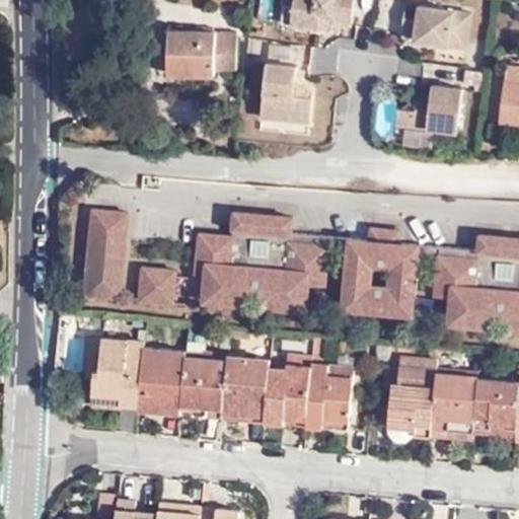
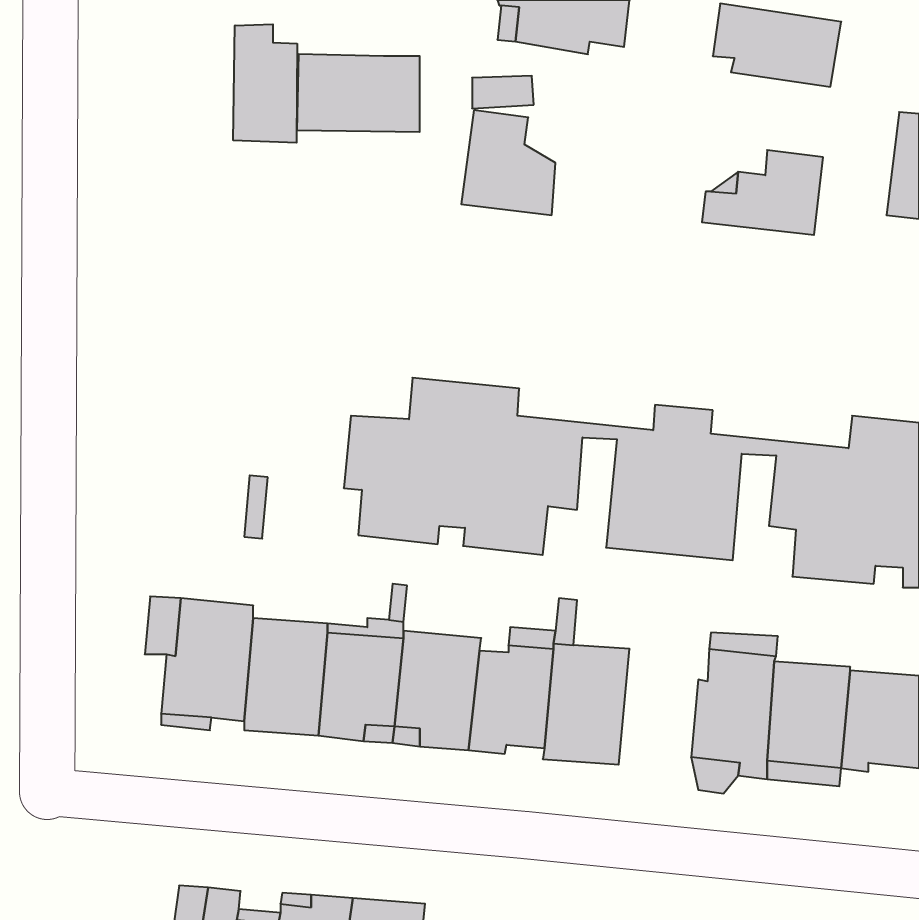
building: none -> [233,24,297,143]
building: [82,211,125,300] -> none
building: [147,270,173,306] -> none

